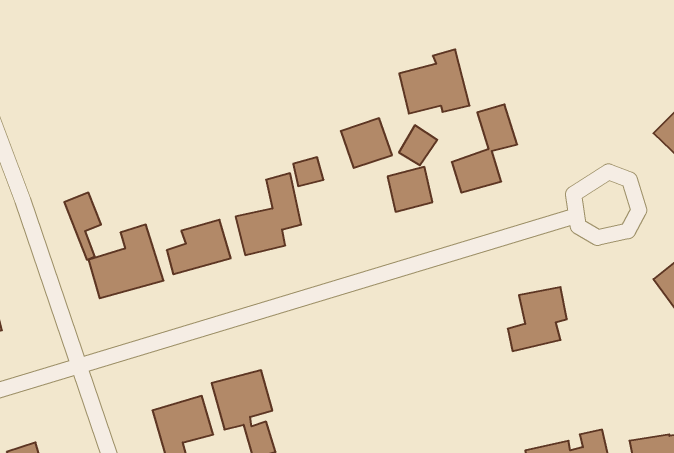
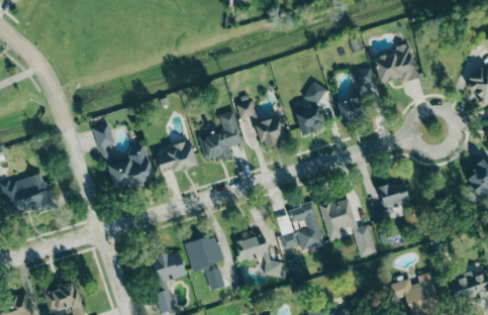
building: [399,49,470,114] -> [374,42,418,83]
building: [341,118,392,168] -> [255,116,287,147]
building: none -> [320,198,376,256]
building: none -> [277,202,324,250]
building: none -> [234,233,282,277]

